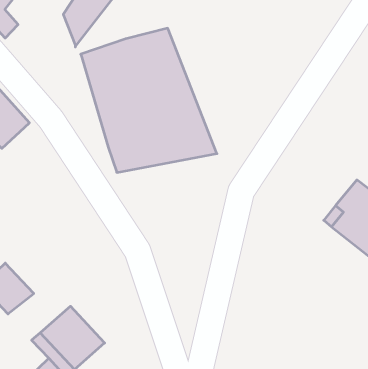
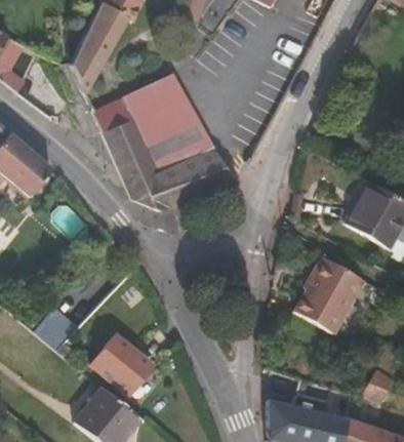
building: none -> [294,255,362,331]

